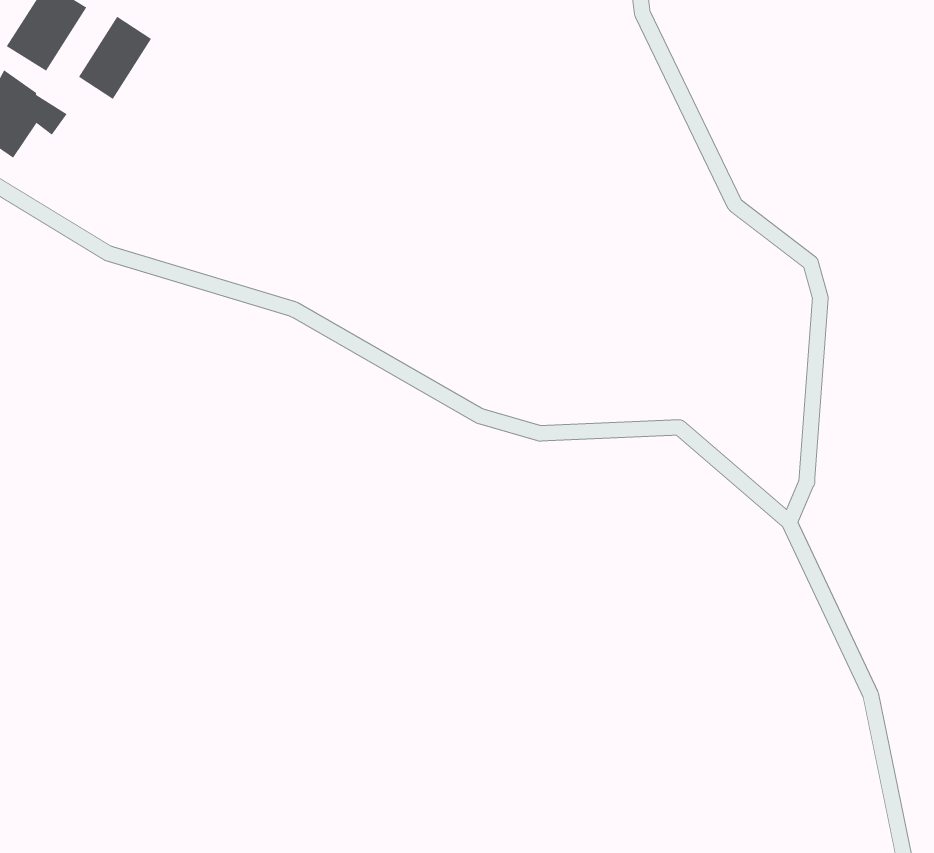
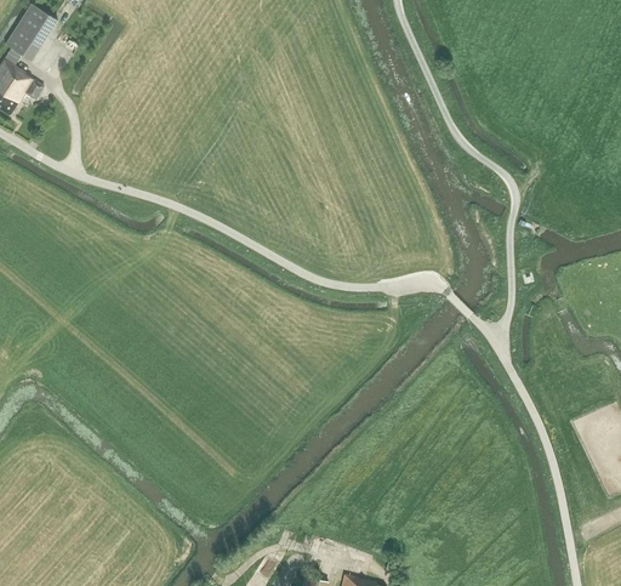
building: [78,16,152,100] -> none

